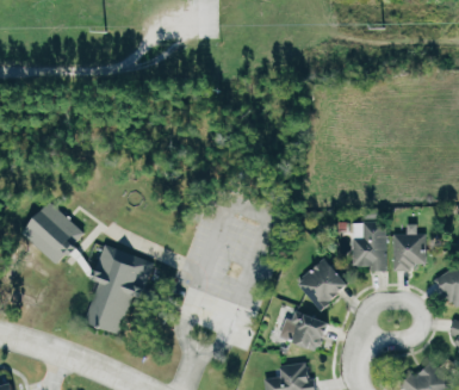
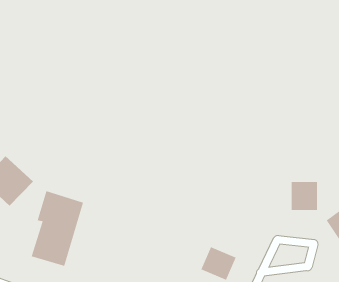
building: [352,222,383,268] -> none
building: [294,258,346,309] -> none

